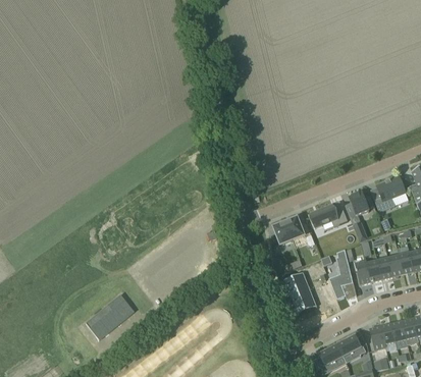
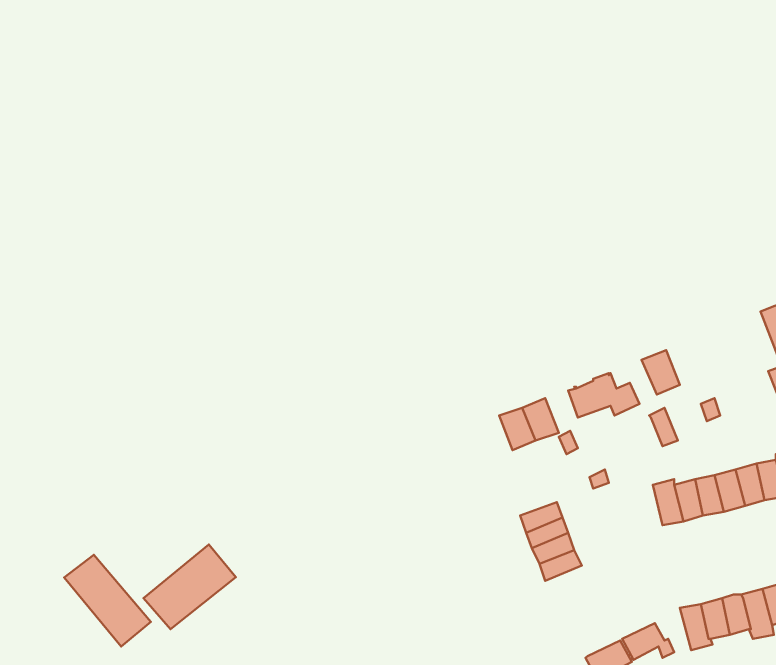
building: [374,176,406,212] -> none
building: [328,250,354,300] -> none
building: none -> [64,555,151,647]

